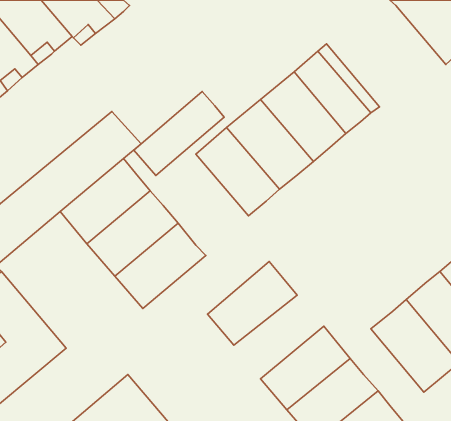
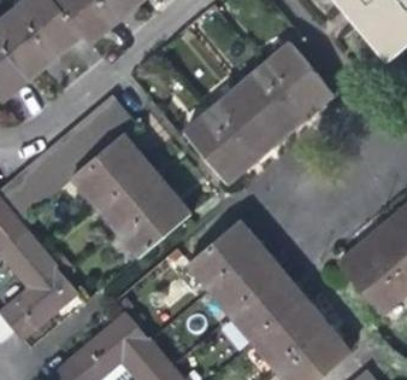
building: [134,92,224,176] -> none
building: none -> [213,247,287,316]

